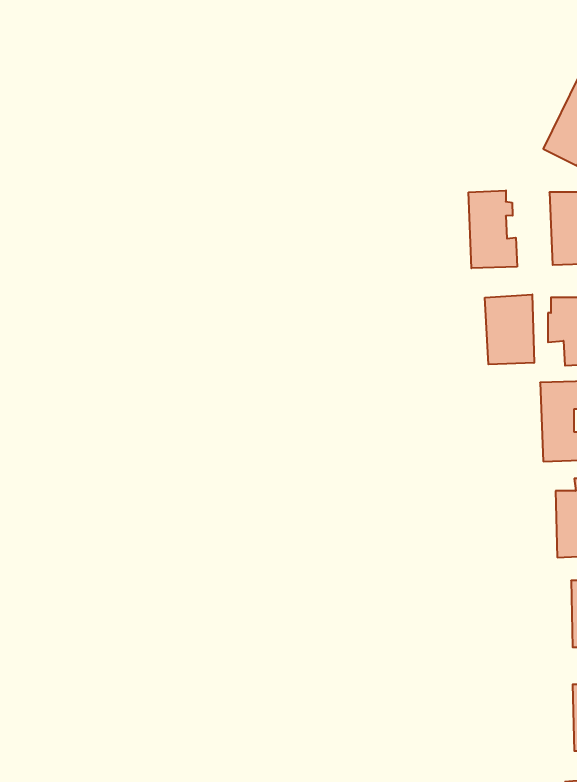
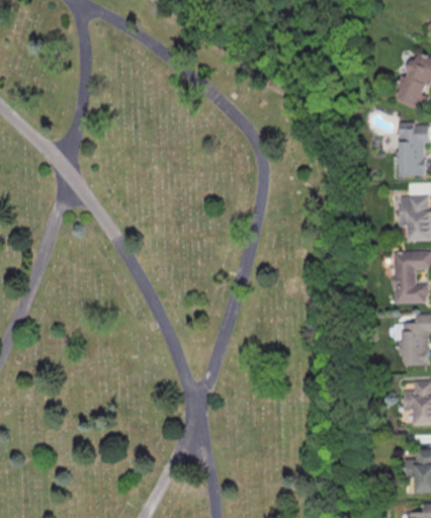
building: [469,190,517,268] -> none
building: [485,294,534,364] -> none

